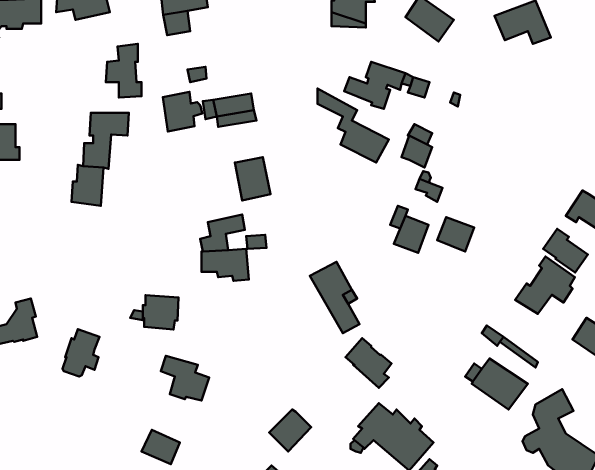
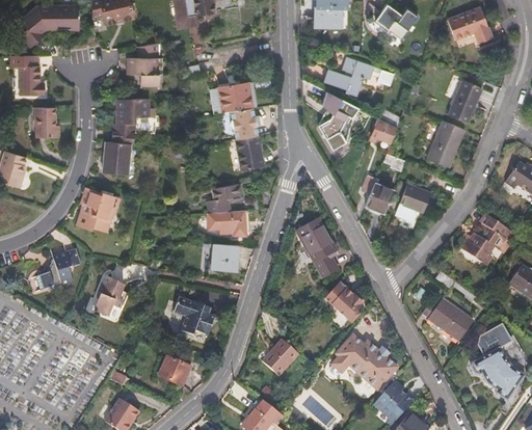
building: none -> [448,81,482,124]
building: [163,92,202,131] -> [232,107,264,139]
building: none -> [427,120,464,167]
building: none -> [77,190,119,232]
building: [543,229,588,273] -> none
building: [143,295,179,330] -> [210,243,239,271]

